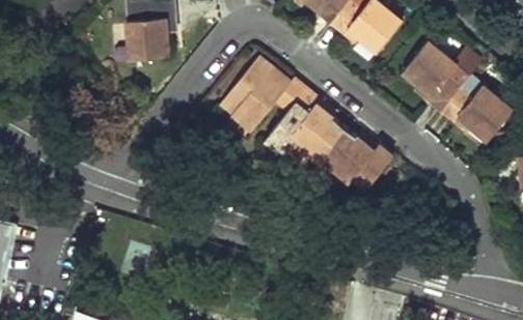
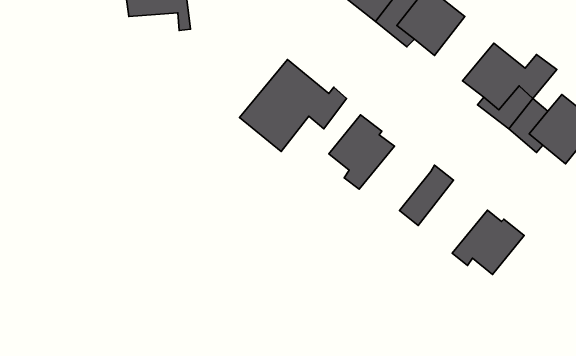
building: [120,19,171,61] -> none
building: [266,89,321,166] -> none
building: [318,128,377,181] -> [452,210,524,274]

